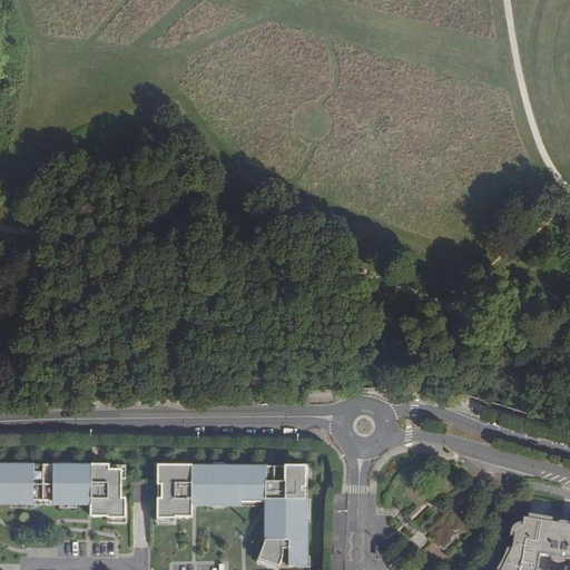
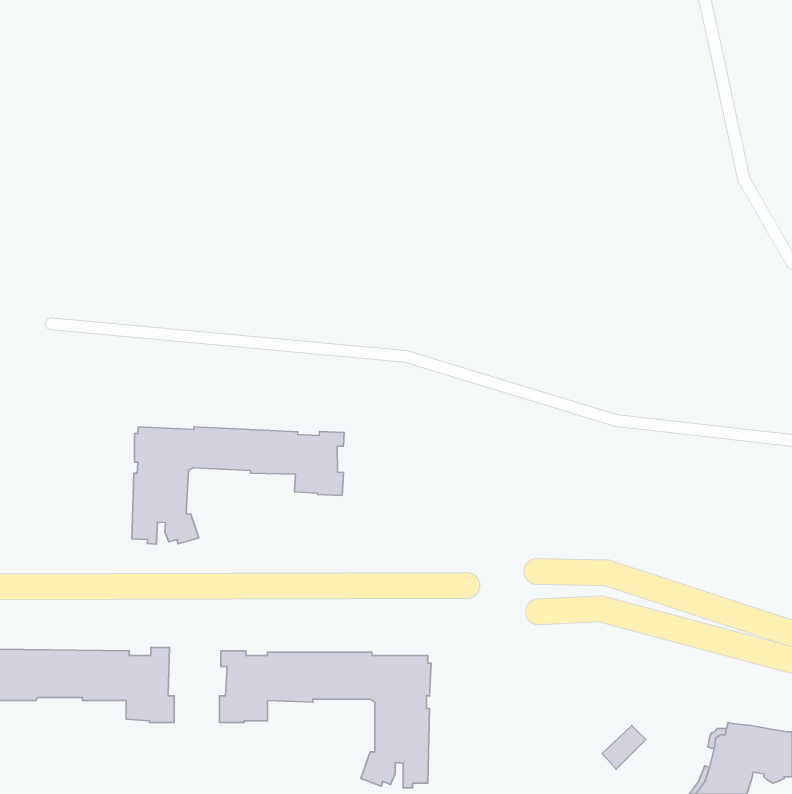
building: none -> [132,427,344,544]

